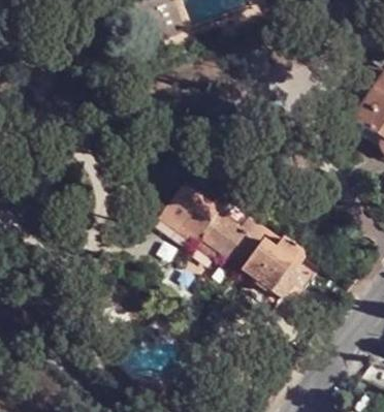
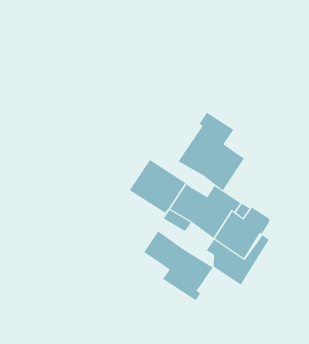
building: none -> [178,112,245,191]
building: none -> [143,231,214,301]

